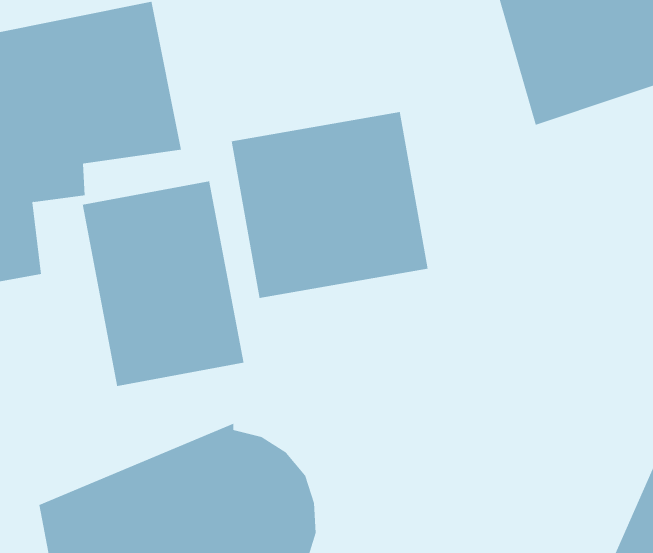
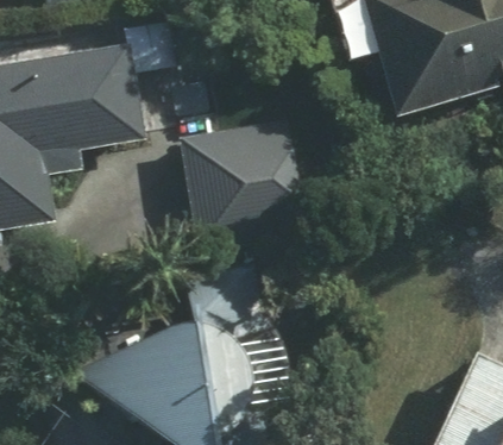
building: [82,180,244,387] -> none

